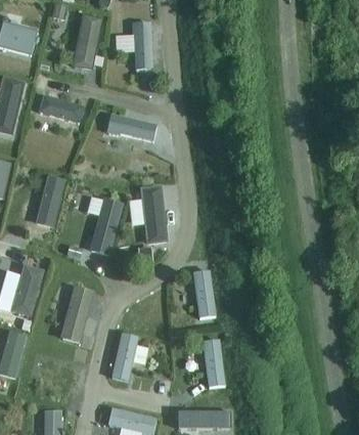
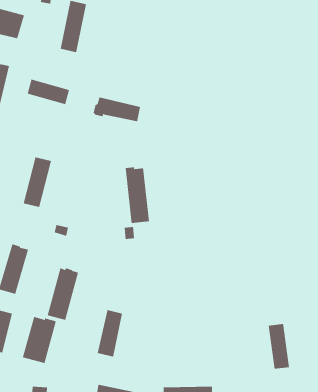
building: [132,21,151,69] -> none
building: [90,198,124,255] -> none
building: [193,269,216,317] -> none
building: none -> [22,316,57,364]
building: [203,339,225,386] -> [268,323,290,369]

